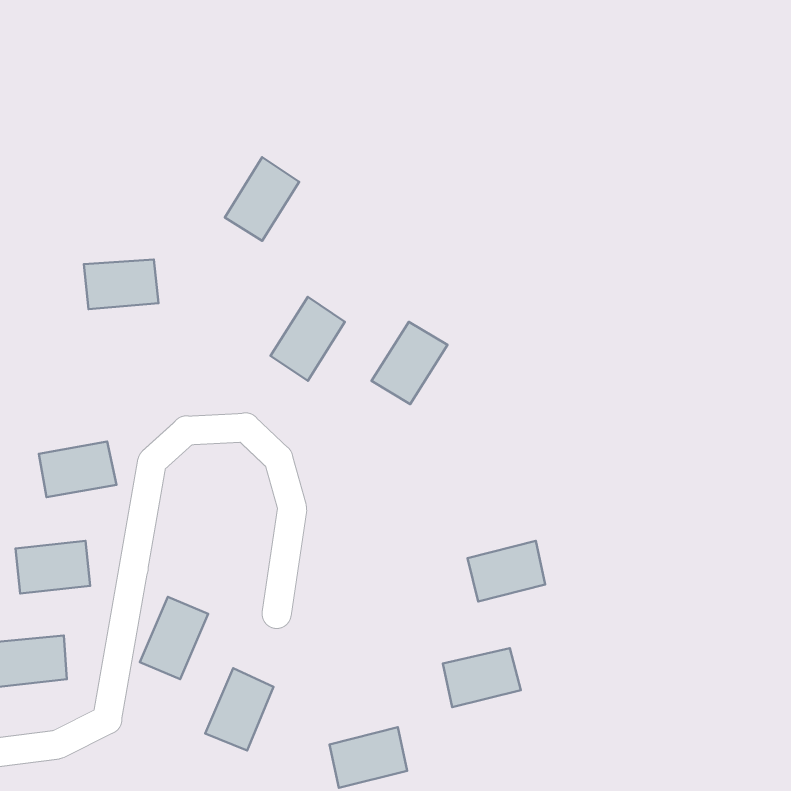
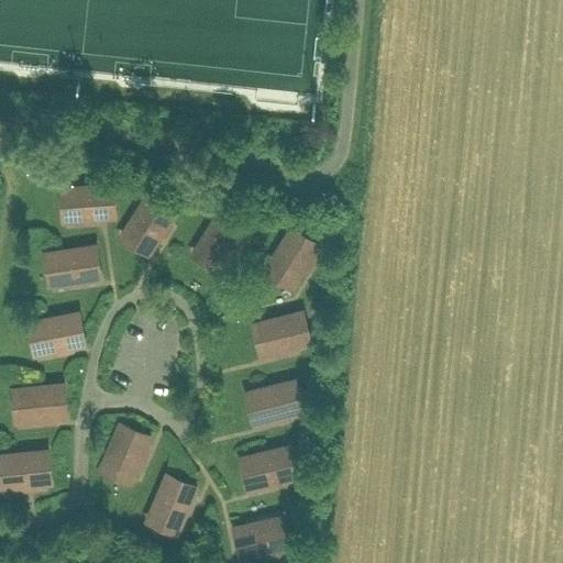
building: [225,157,299,241] -> [120,195,173,254]
building: none -> [44,246,98,286]
building: none -> [252,313,308,355]
building: [467,541,545,602] -> [245,382,300,424]
building: [443,648,521,707] -> [240,448,295,489]

